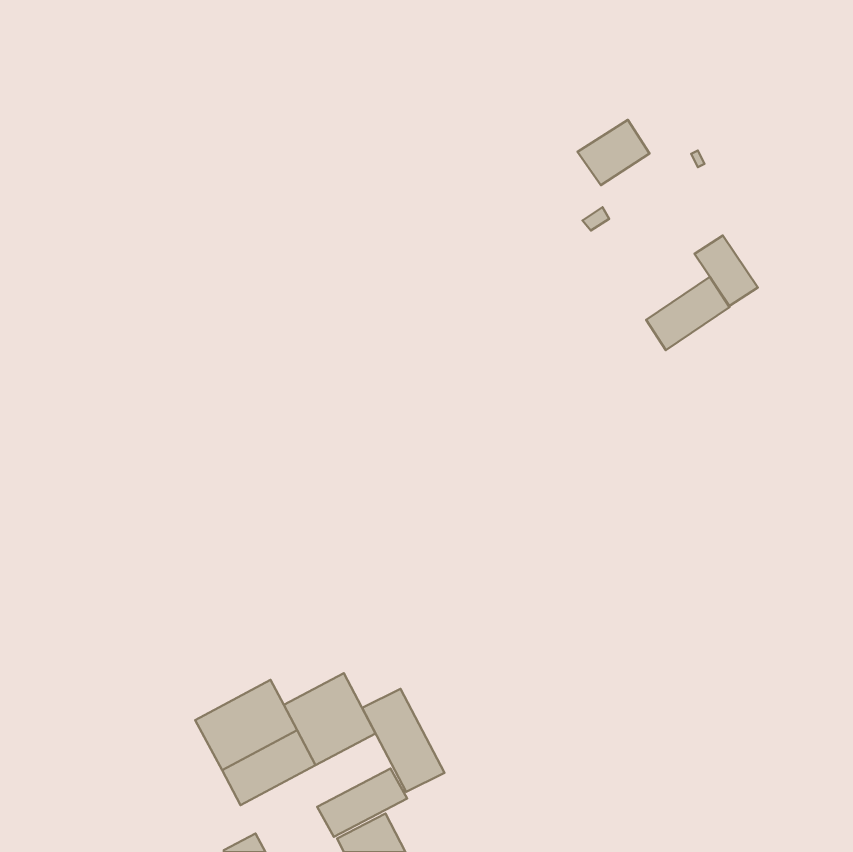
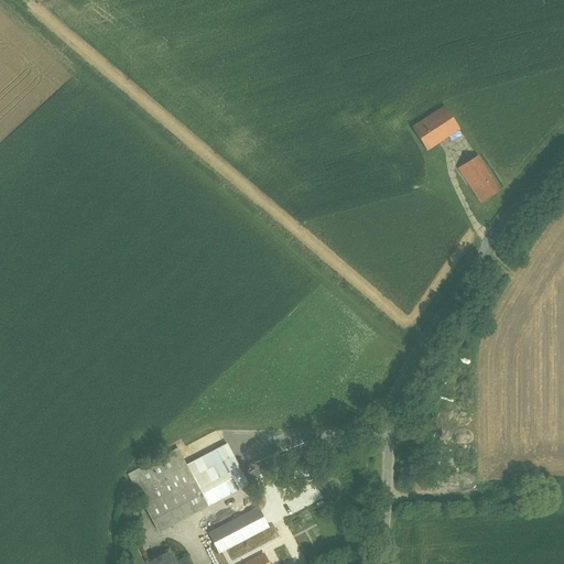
building: [578,120,649,185] -> [412,106,459,149]
building: [646,277,729,350] -> none
building: [362,689,444,792] -> none

